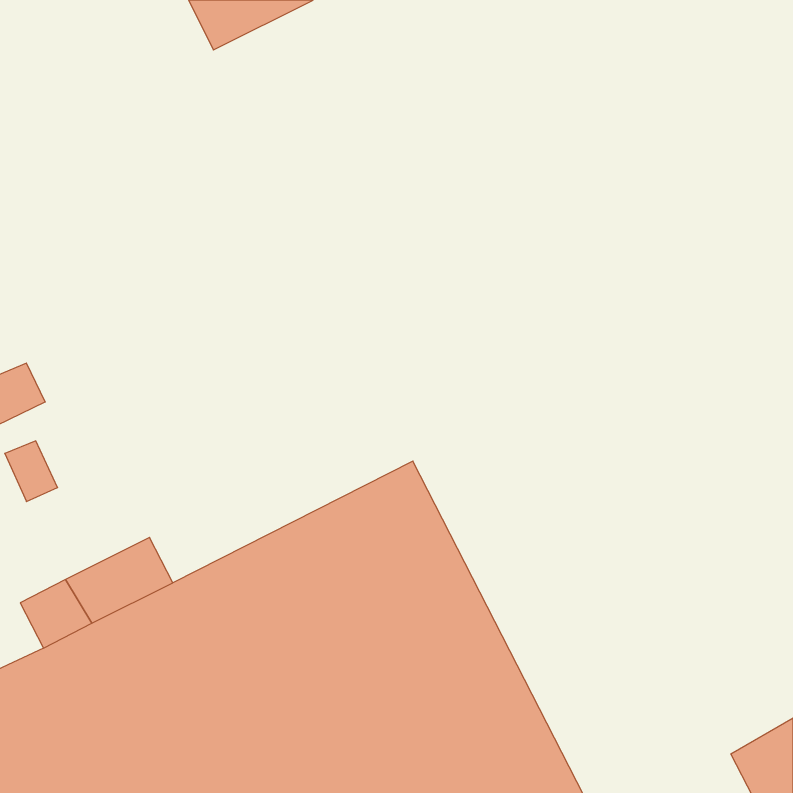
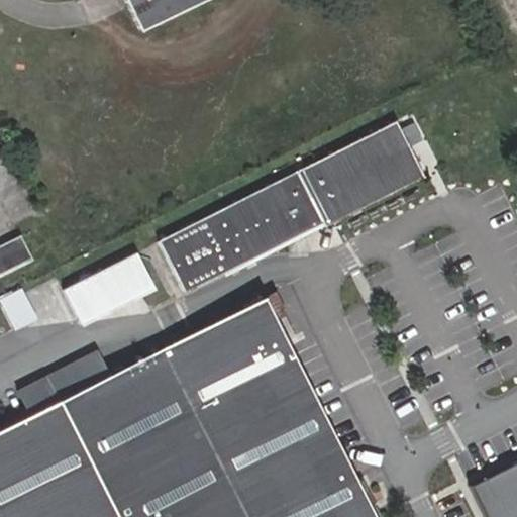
building: none -> [156,122,421,292]
building: none -> [66,254,163,321]

